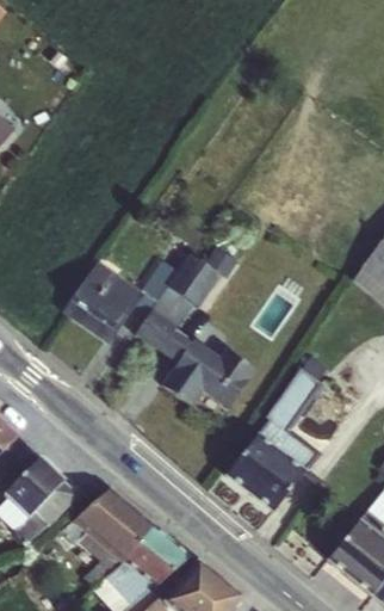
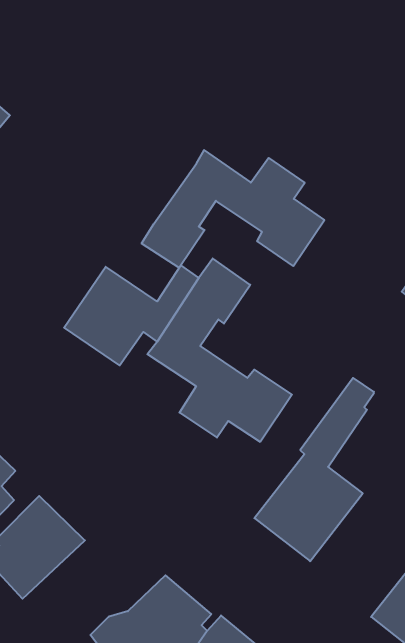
building: none -> [142,150,324,268]
building: [51,489,149,560] -> none

